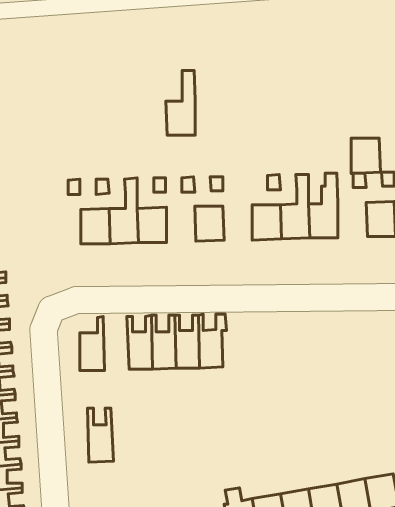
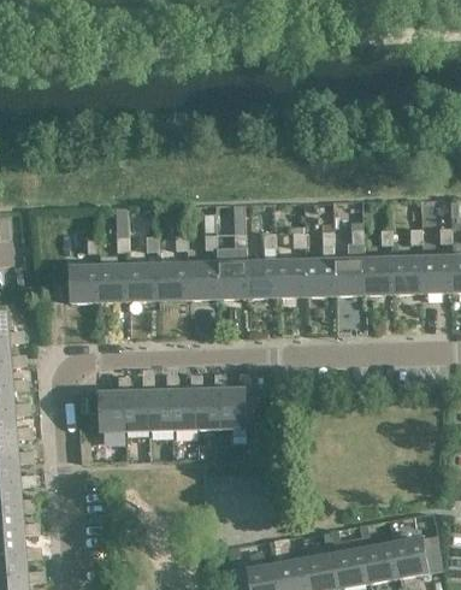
building: [166,70,195,135] -> [244,230,274,296]
building: [351,138,380,173] -> [362,258,392,294]
building: none -> [187,261,217,299]
building: none -> [69,265,99,301]
building: [88,408,113,462] -> [122,374,148,430]

